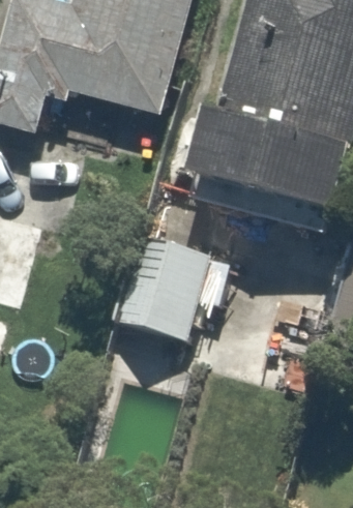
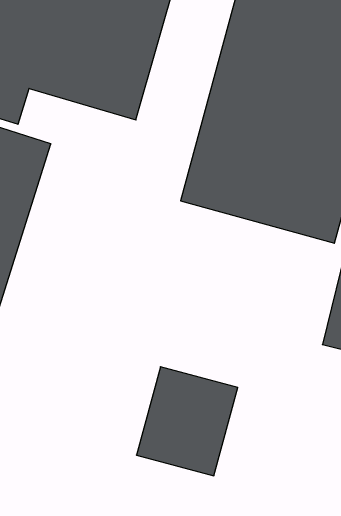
building: [115,233,211,336] -> [136,367,238,476]

